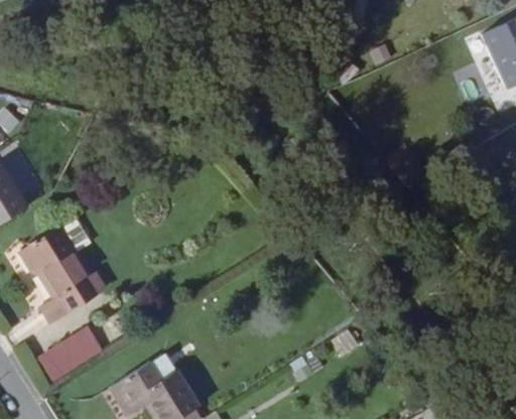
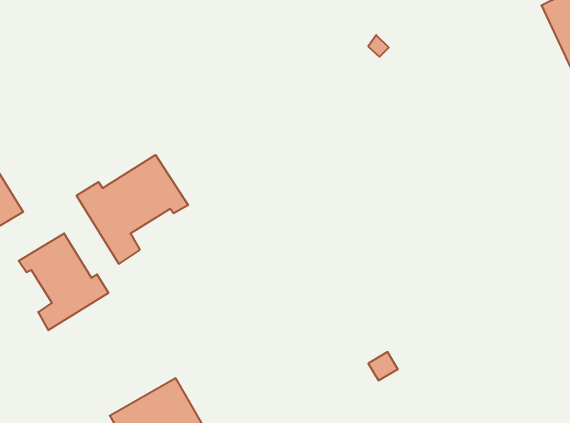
building: none -> [77,155,188,264]
building: [37,325,99,375] -> none

